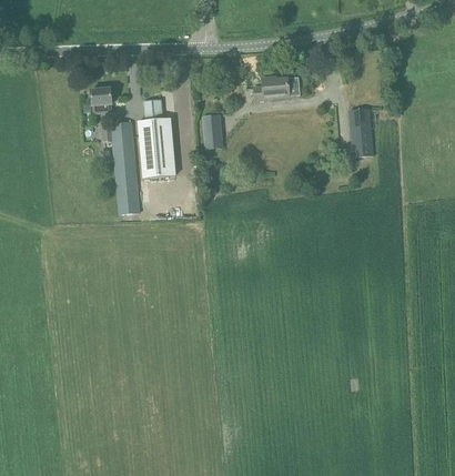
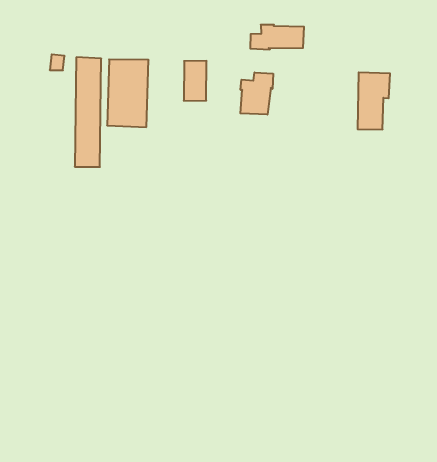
building: [90,87,112,112] -> none
building: none -> [240,72,273,115]

